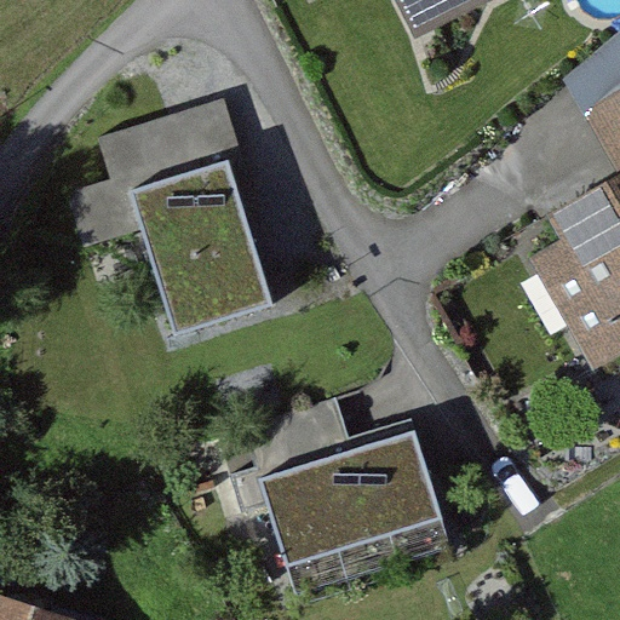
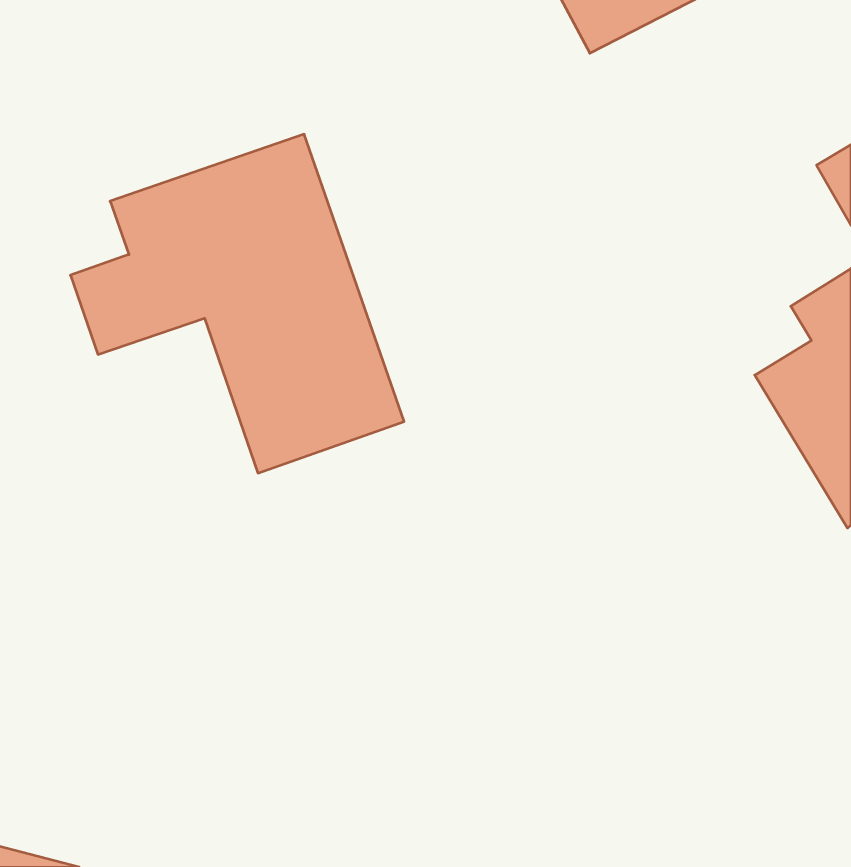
building: [265,431,452,593] -> none

